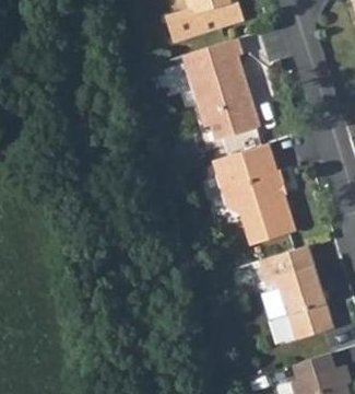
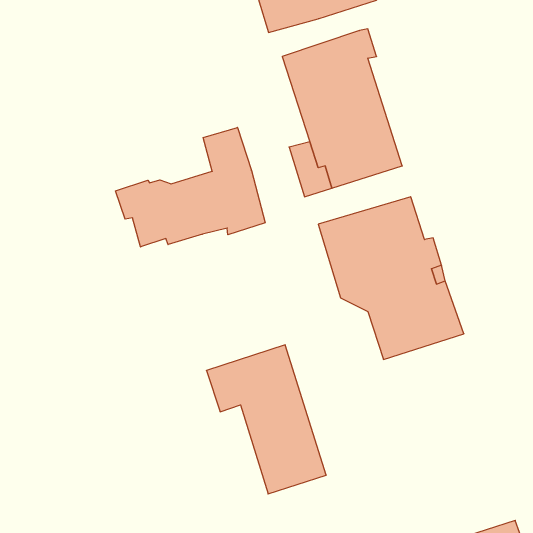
building: none -> [116,127,265,247]
building: [258,245,334,340] -> [206,345,326,494]

